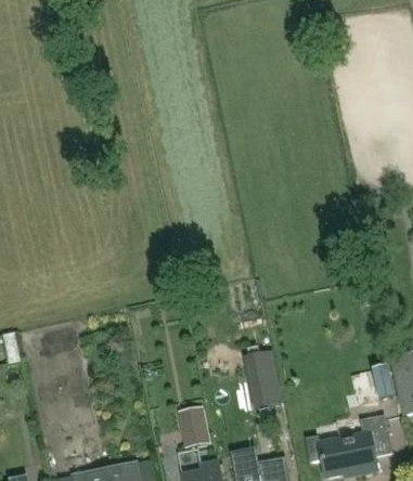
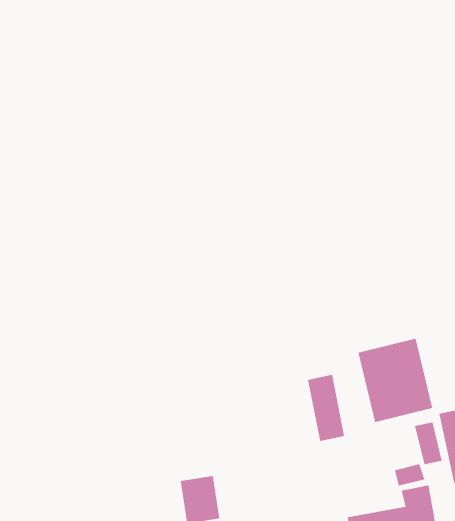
building: none -> [358,338,433,423]
building: [250,351,281,405] -> [307,374,345,442]

